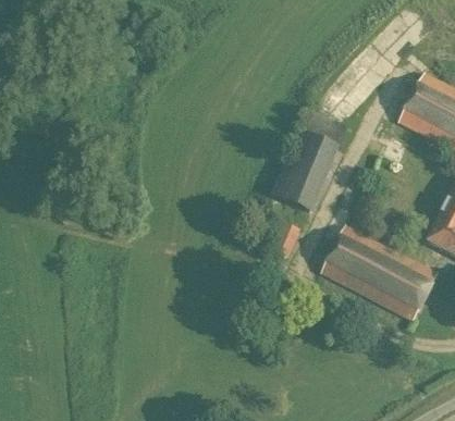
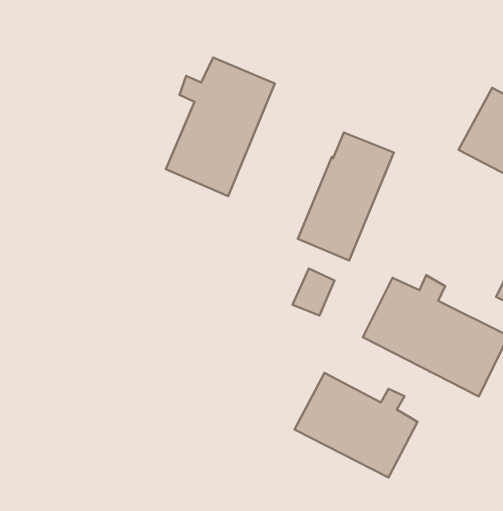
building: none -> [166,58,275,196]
building: none -> [294,373,418,477]

